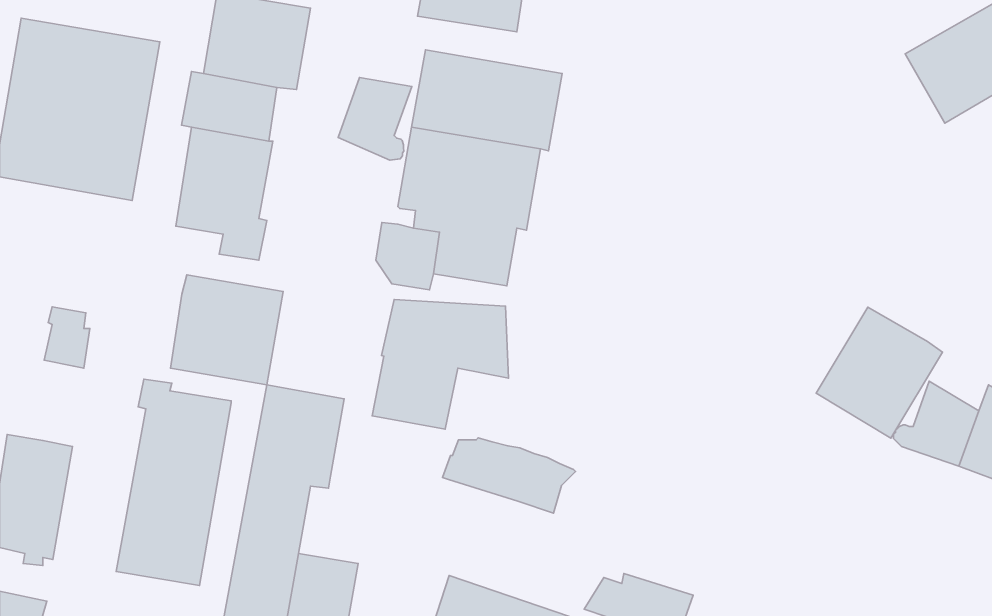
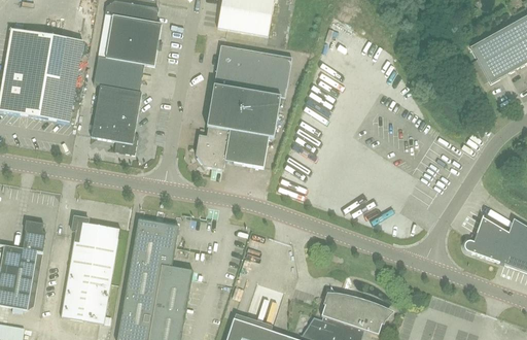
building: [338,77,412,160] -> none
building: [170,275,283,385] -> none
building: [372,299,509,429] -> none
building: [44,307,90,368] -> [23,219,46,251]
building: [816,307,942,438] -> none
building: [443,438,575,513] -> [321,295,390,334]
building: none -> [155,266,194,311]

